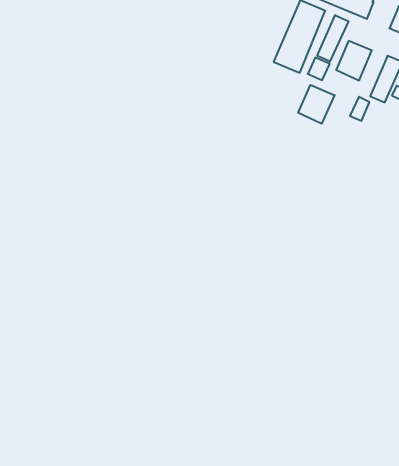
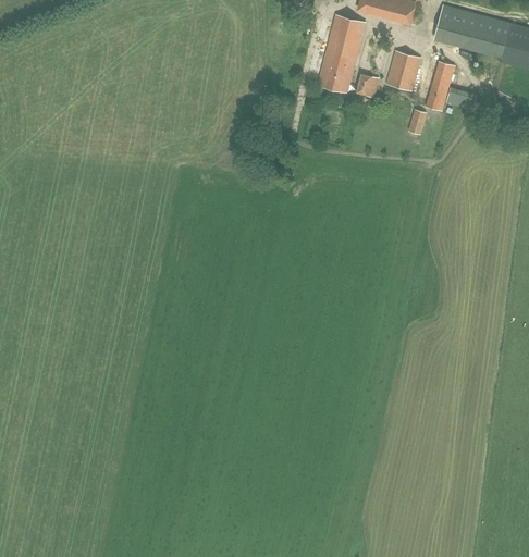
building: [317,15,348,62] -> none
building: [298,85,335,124] -> none

